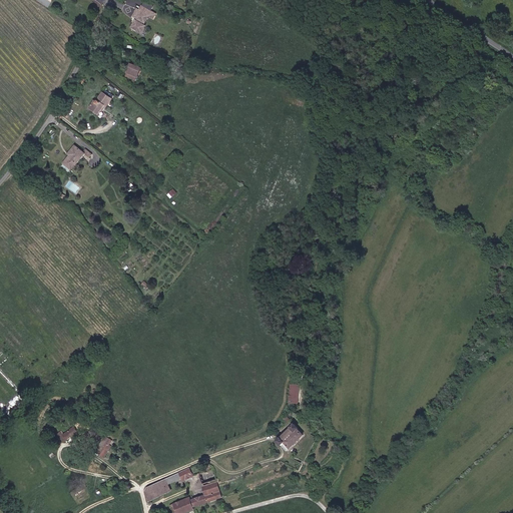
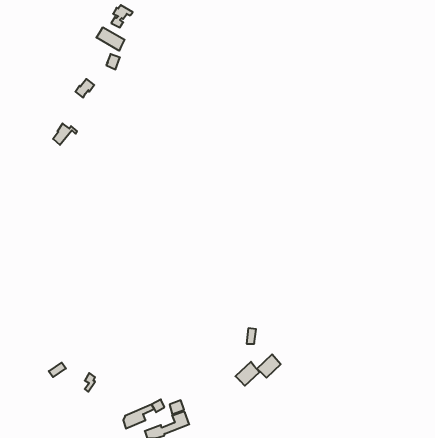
building: none -> [96,27,125,51]
building: none -> [257,354,281,378]

